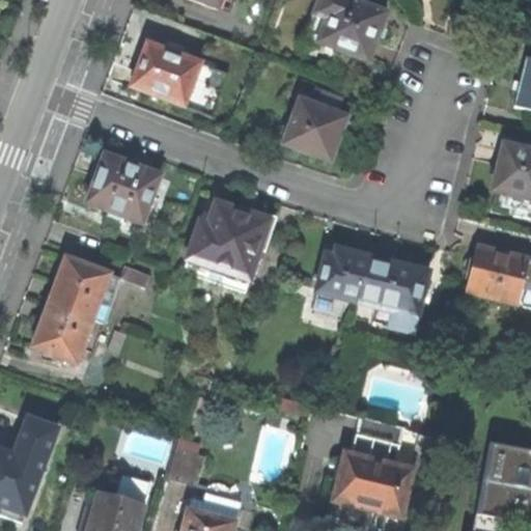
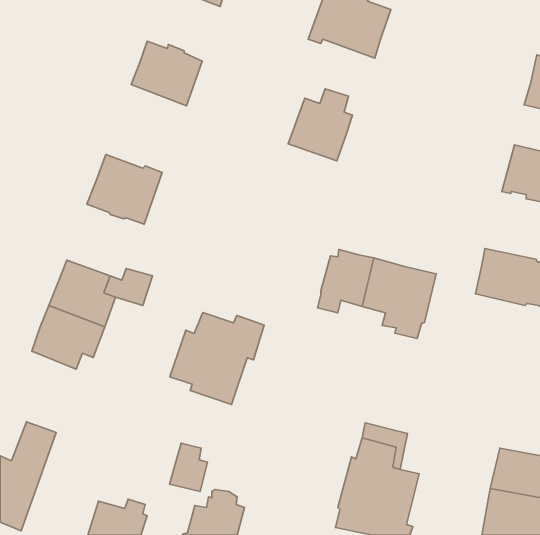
building: [184,201,276,291] -> [170,312,264,404]

